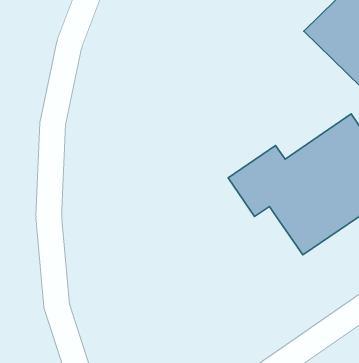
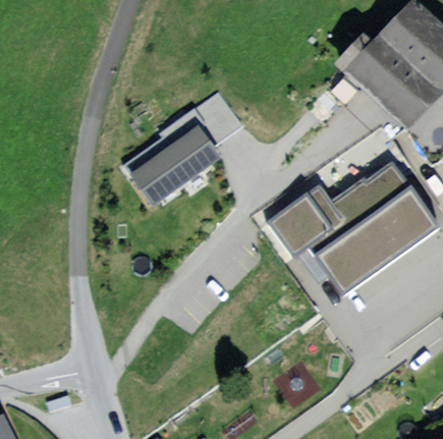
building: none -> [124,91,245,205]

